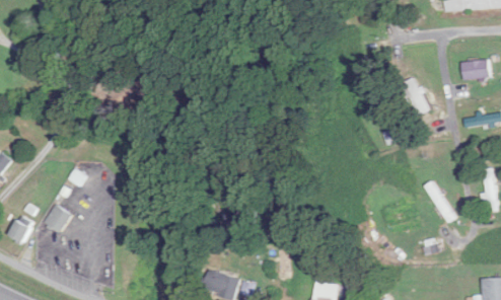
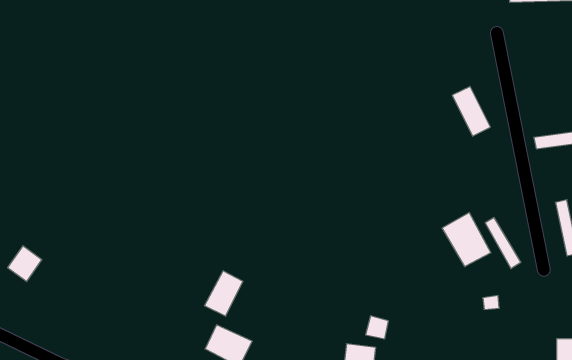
building: [460,59,489,80] -> none
building: none -> [442,213,491,267]
building: none -> [205,271,243,316]

